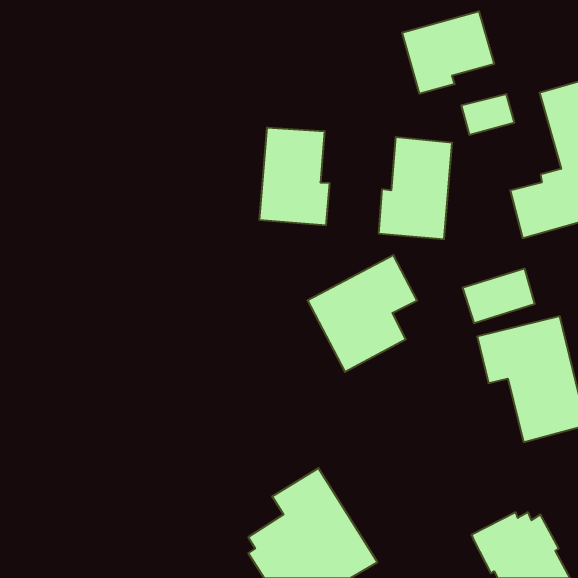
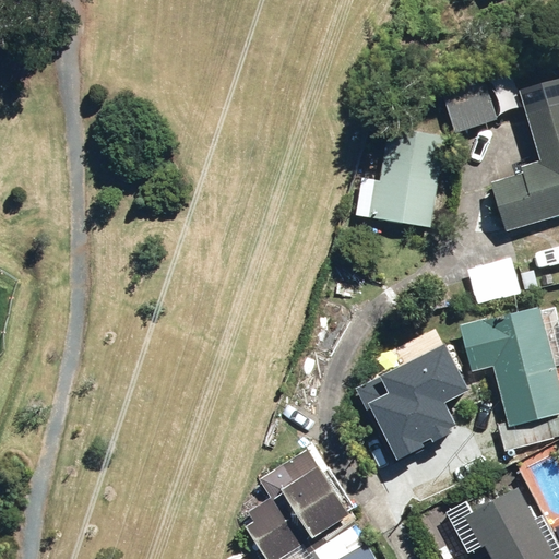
building: [402,11,494,94] -> none
building: [260,127,330,225] -> none
building: [307,255,417,372] -> [361,344,467,456]

